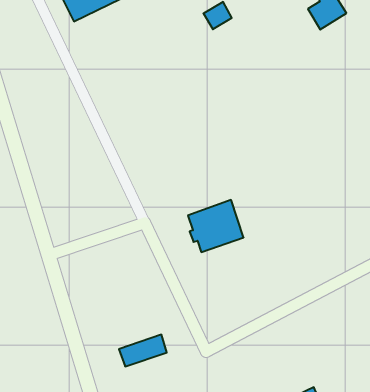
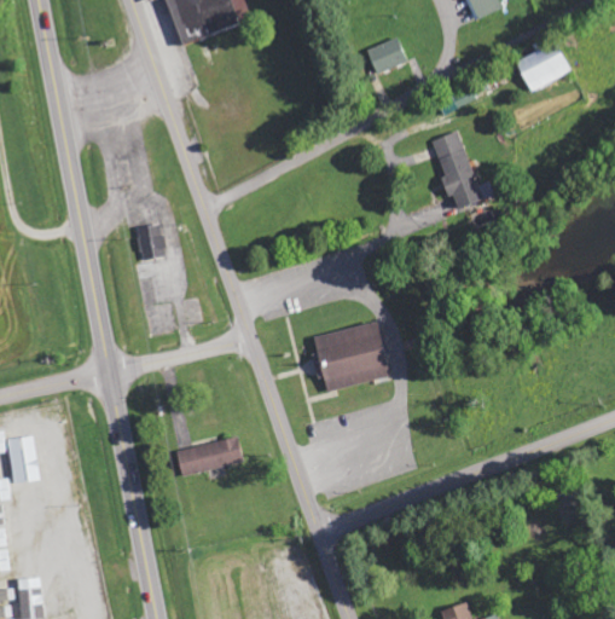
building: none -> [430,132,494,210]
building: none -> [137,224,166,260]
building: [119,335,167,366] -> [175,436,243,476]

